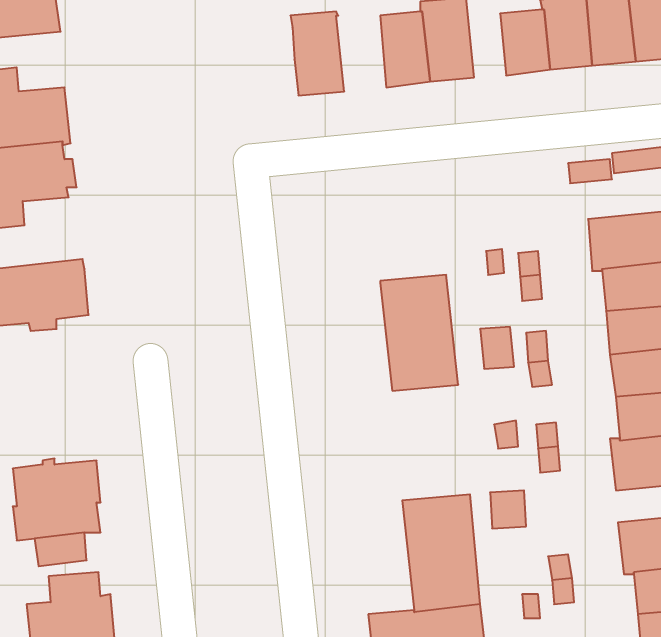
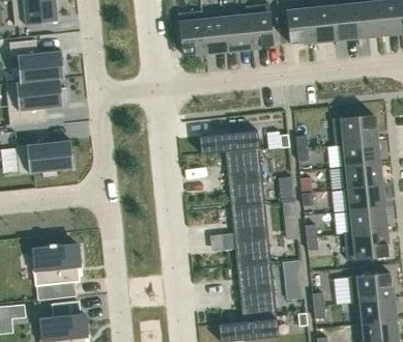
building: none -> [203,11,229,53]
building: none -> [200,131,260,154]
building: none -> [232,205,272,265]

